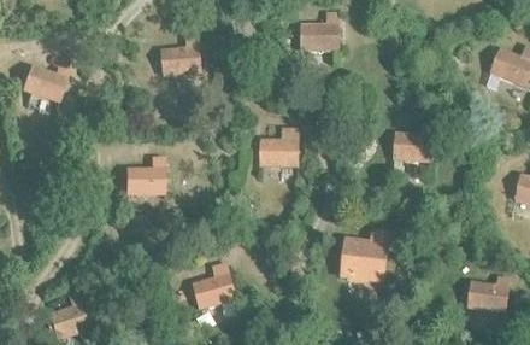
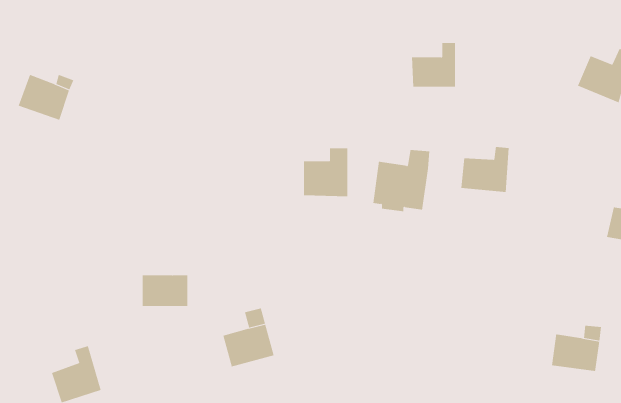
building: [301,14,338,52] -> [411,42,456,87]
building: [161,36,201,77] -> none
building: [125,169,164,195] -> [142,275,188,307]
building: [341,229,389,281] -> [372,150,430,212]

